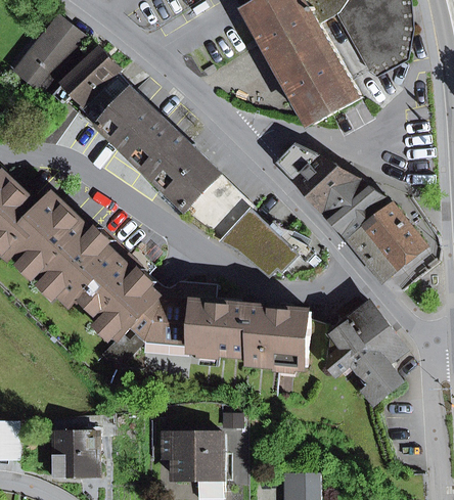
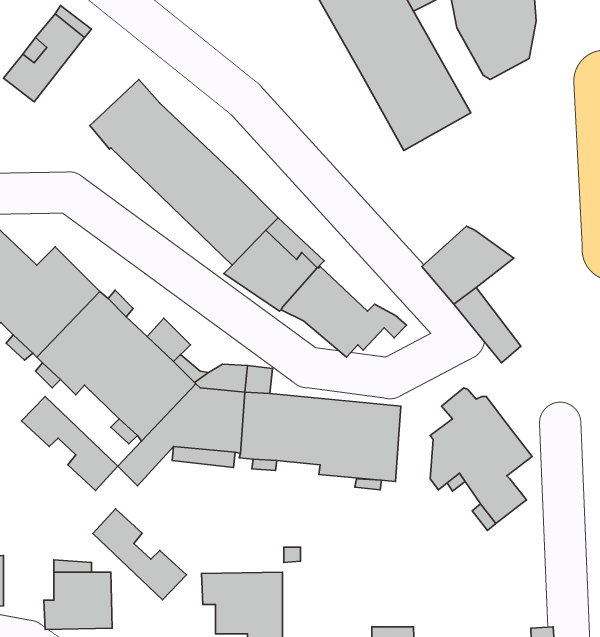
building: [53,47,119,102] -> none
building: [279,145,356,209] -> none
building: [363,202,423,267] -> none
building: none -> [21,396,118,491]
building: none -> [93,509,186,600]

